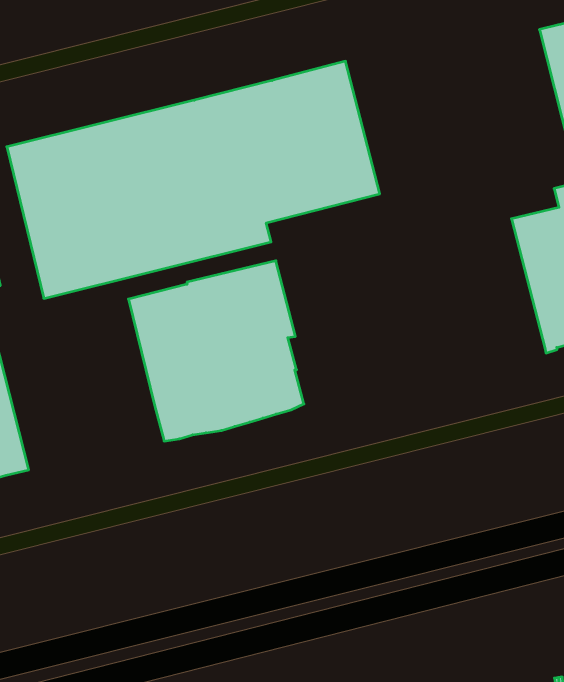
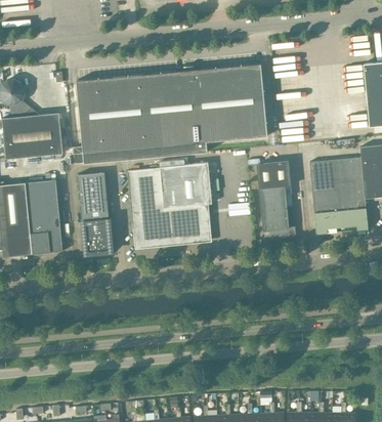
building: none -> [308,159,341,235]
building: none -> [257,161,295,238]
building: none -> [78,171,115,256]

